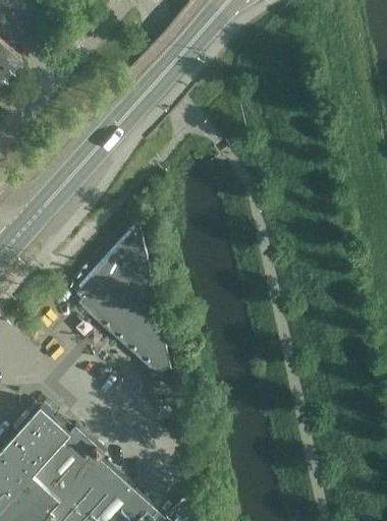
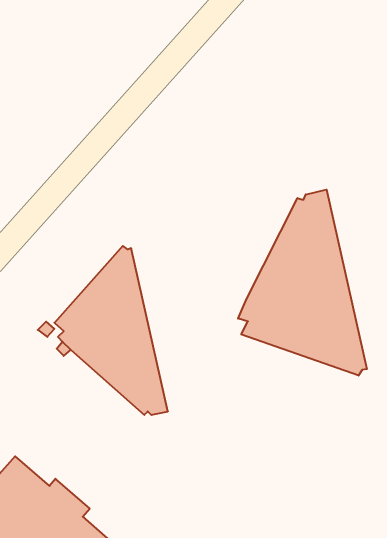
building: none -> [238,190,367,376]

